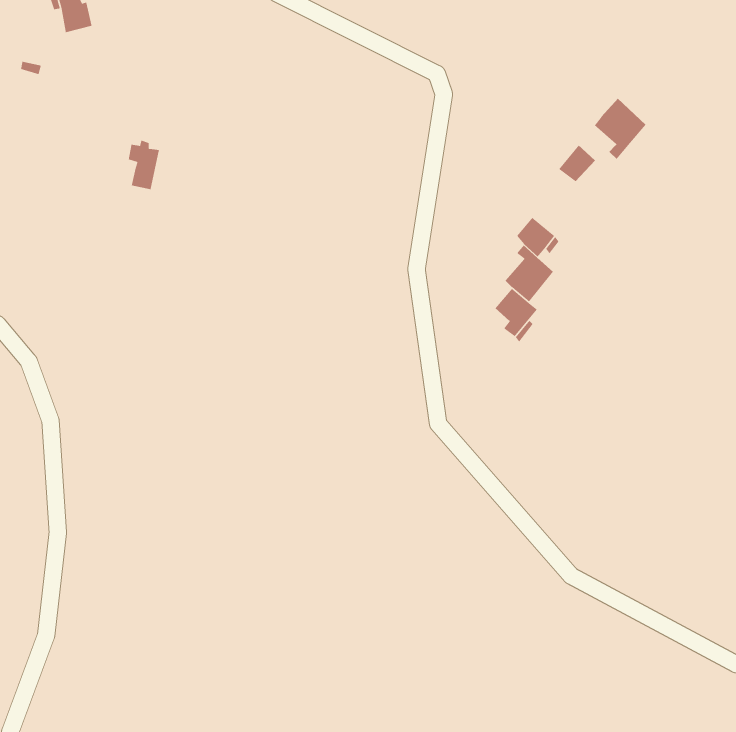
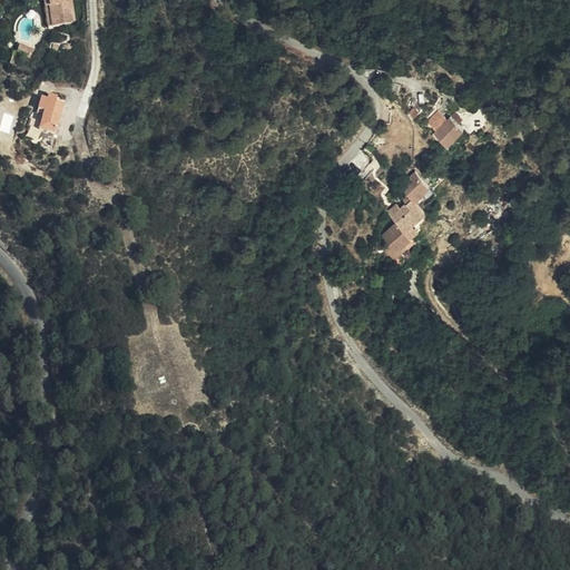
building: [594,98,646,160] -> none
building: [128,139,160,190] -> [38,97,62,136]

